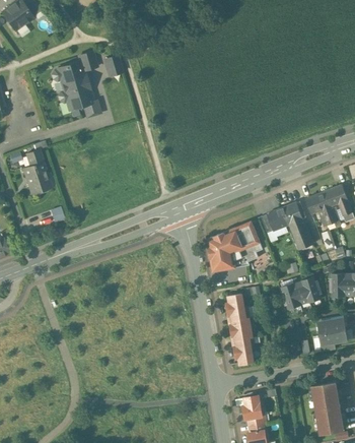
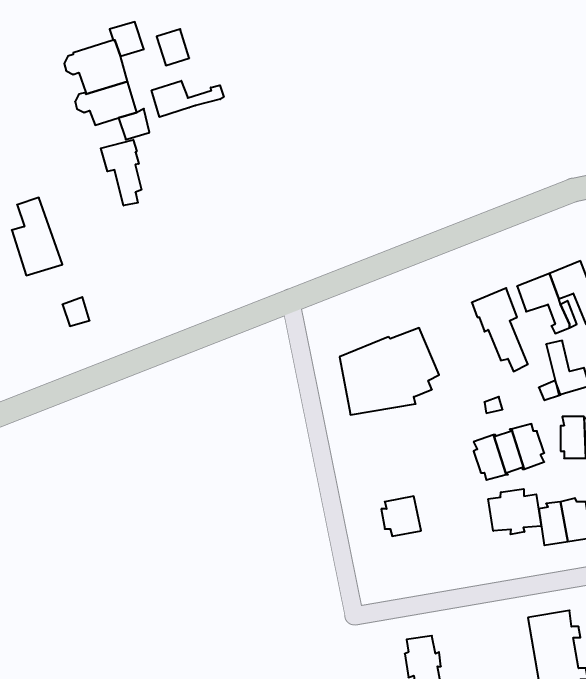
building: none -> [152,81,224,117]
building: none -> [101,140,142,206]
building: [261,209,287,234] -> none
building: [225,294,247,321] -> none
building: none -> [488,489,541,534]
building: [232,337,253,366] -> none

